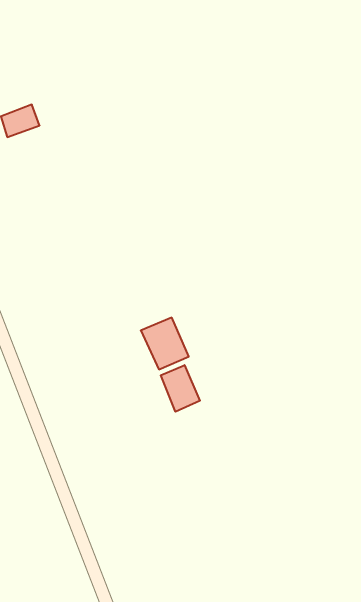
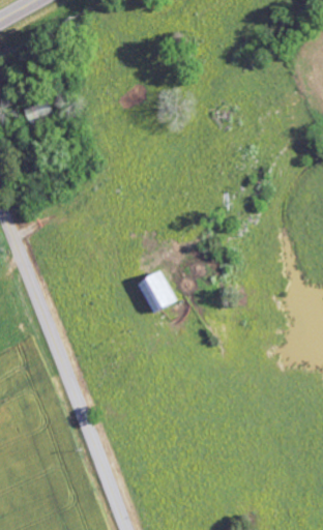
building: [161,365,200,412] -> none

